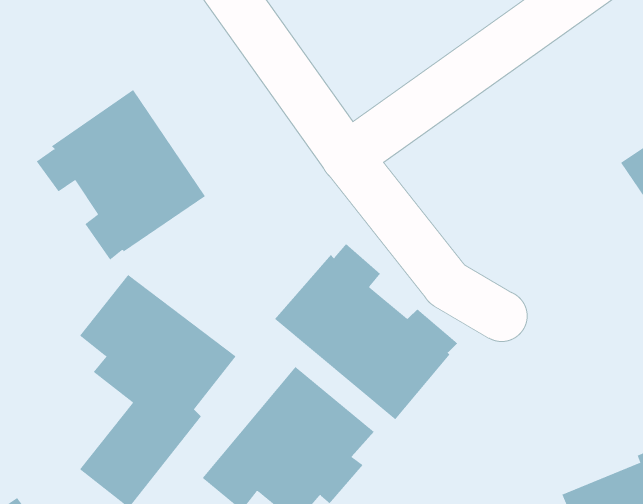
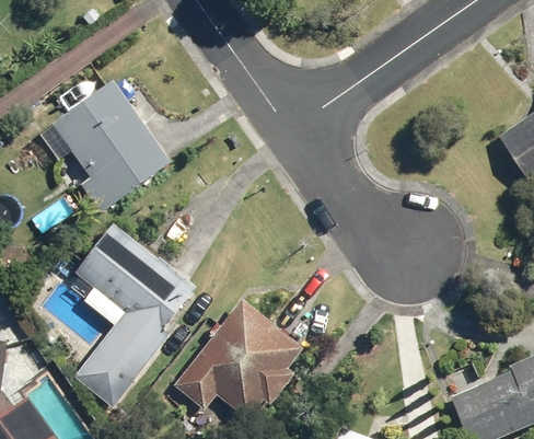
building: [274,243,458,420] -> none

